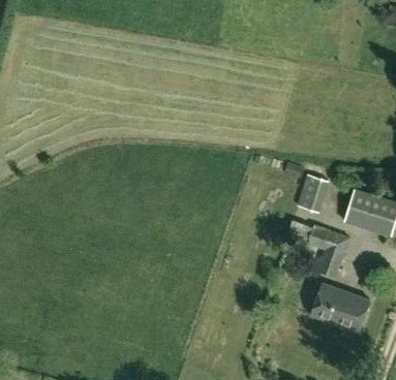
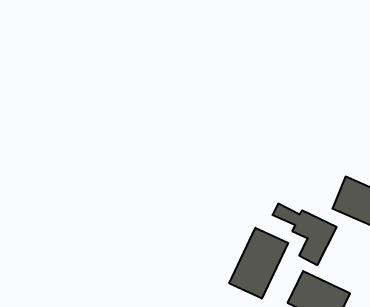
building: [295,173,328,213] -> none
building: none -> [229,228,288,299]

